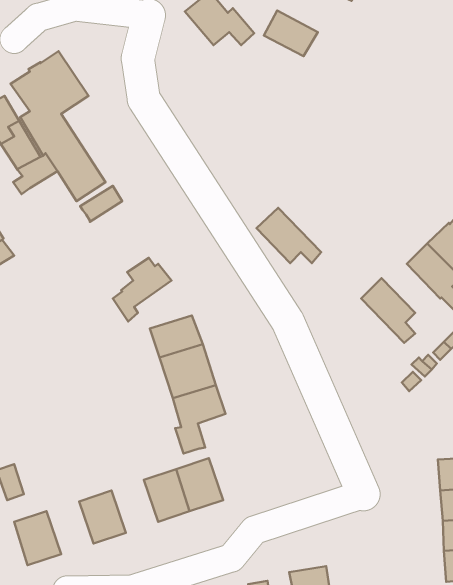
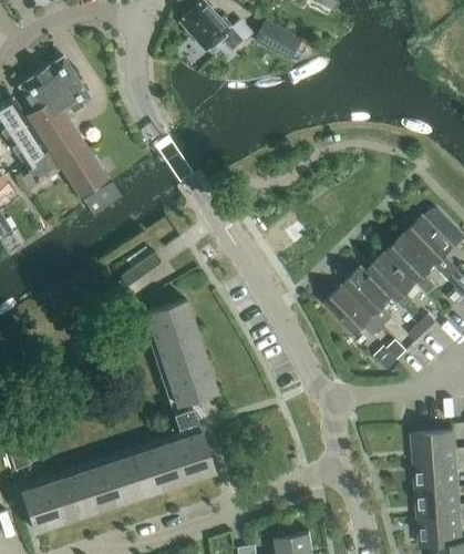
building: [257,208,321,263] -> [321,284,381,335]
building: none -> [360,252,414,308]
building: none -> [111,451,154,500]
building: none -> [51,471,94,520]

